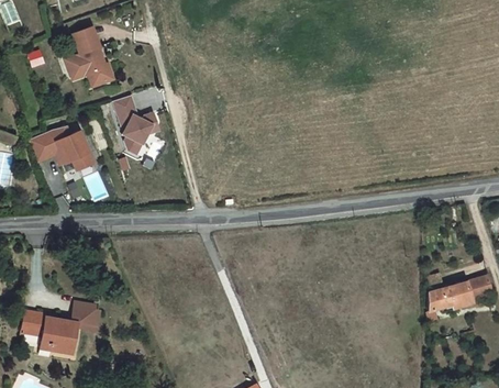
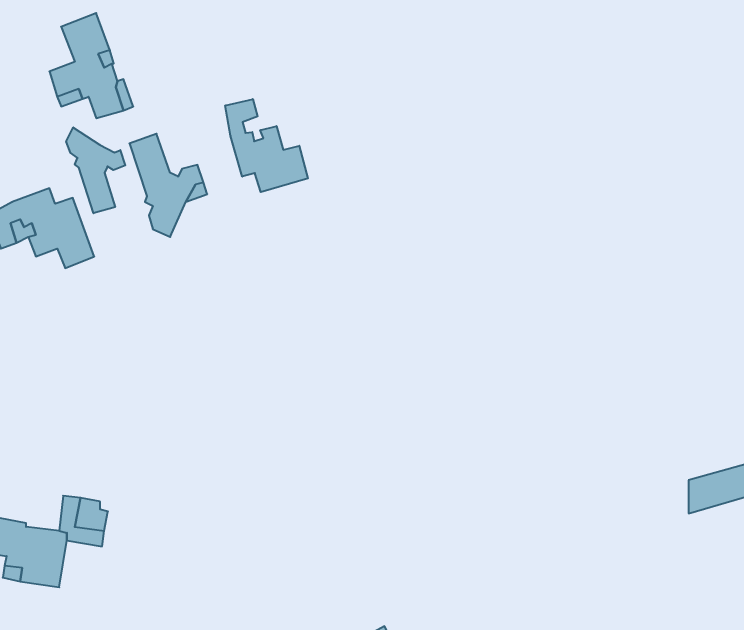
building: none -> [225,99,308,192]
building: none -> [66,127,125,213]

